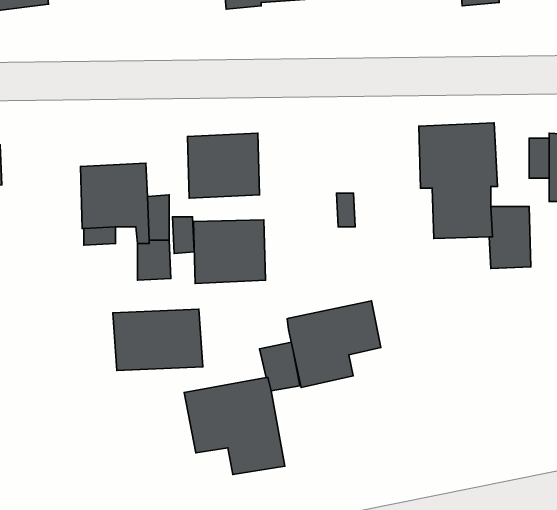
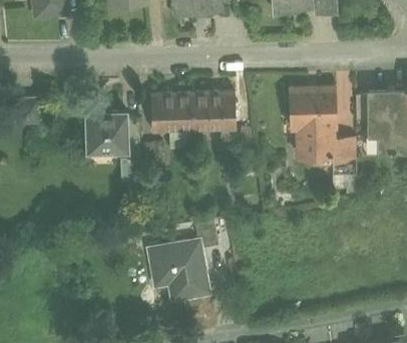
building: [193,220,265,284] -> [192,91,236,129]
building: [287,301,381,388] -> none
building: [113,309,203,370] -> none

